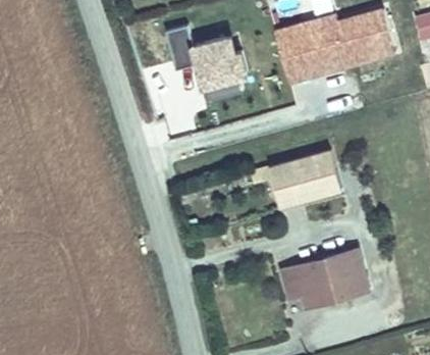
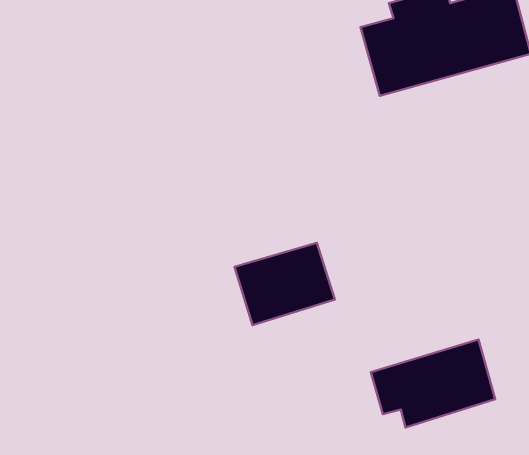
building: [166,28,250,91] -> none
building: [270,151,338,207] -> [235,243,335,325]

